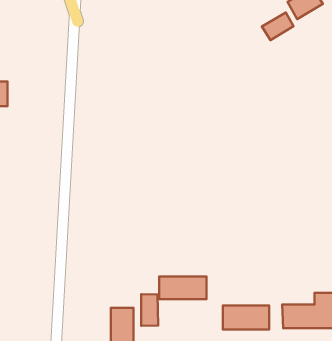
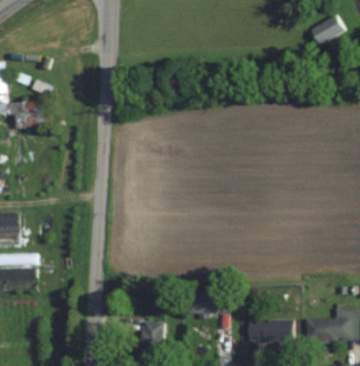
building: [262,13,293,40] -> none
building: [141,294,158,326] -> none

